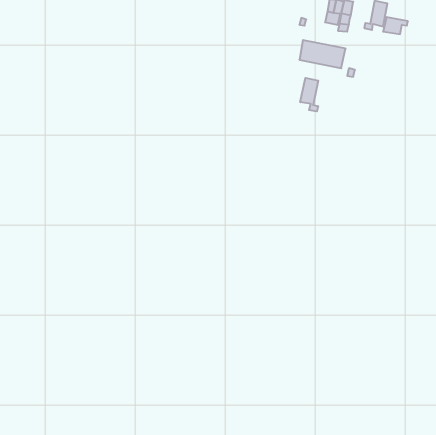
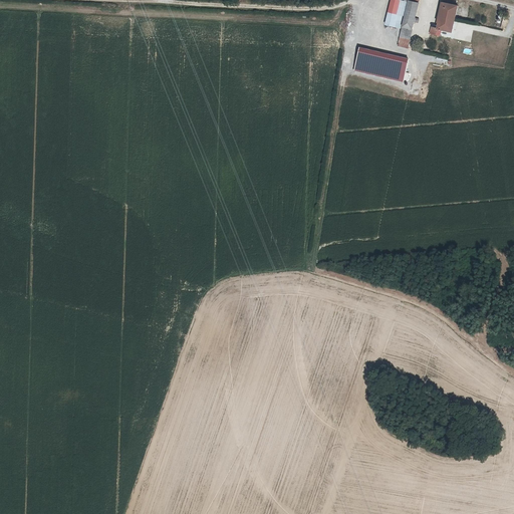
building: [300,78,318,111] -> none

